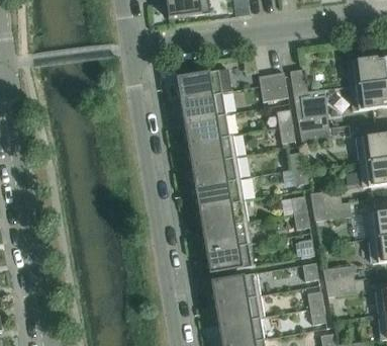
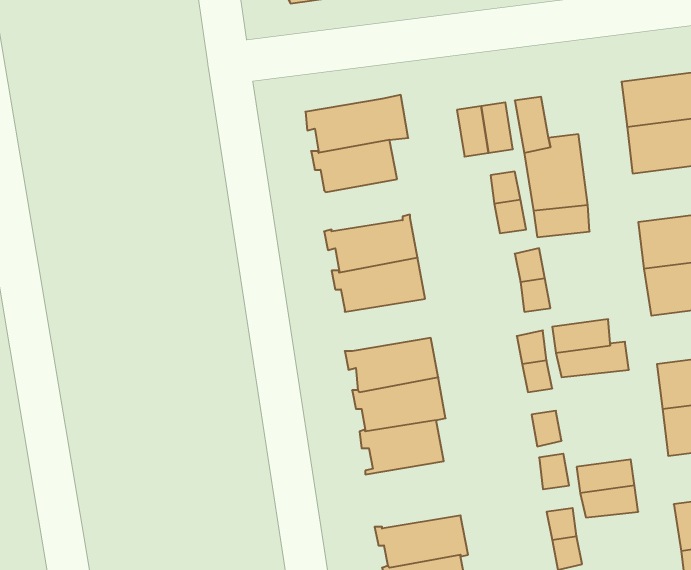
building: [183,113,228,142] -> none
building: [194,178,244,206] -> none
building: [210,272,260,302] -> none

